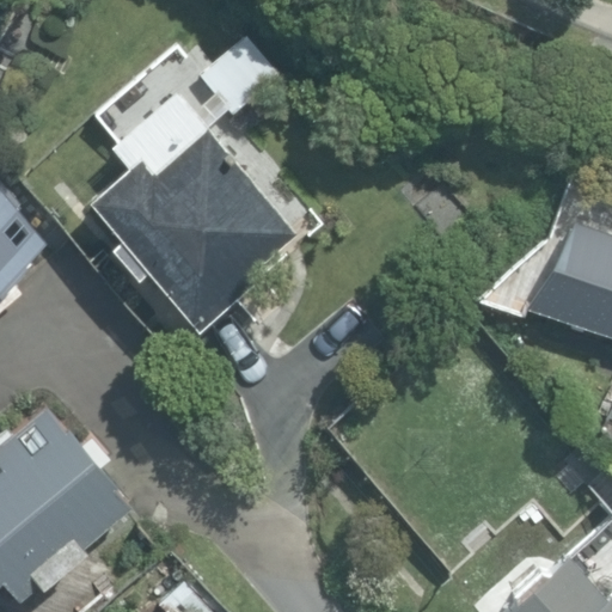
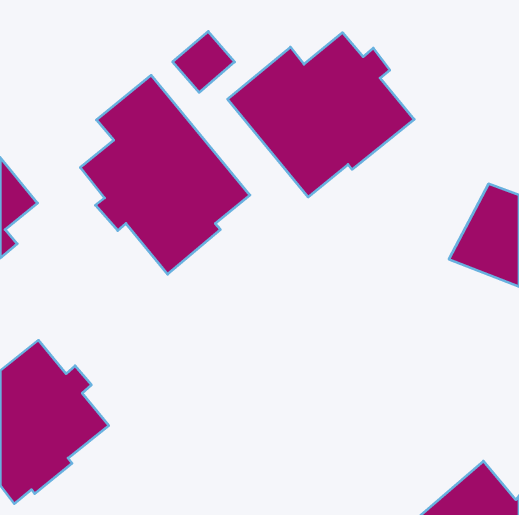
building: none -> [228,33,414,197]

